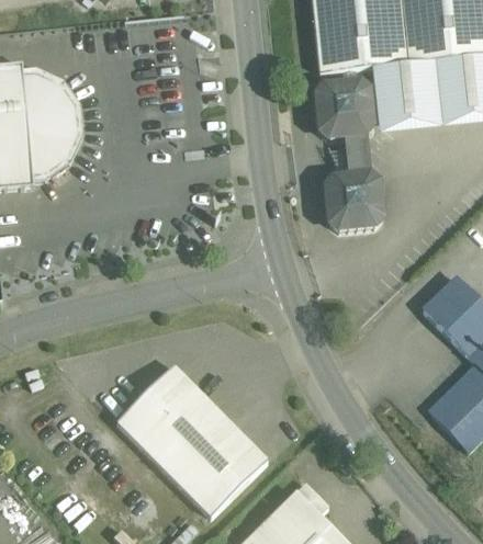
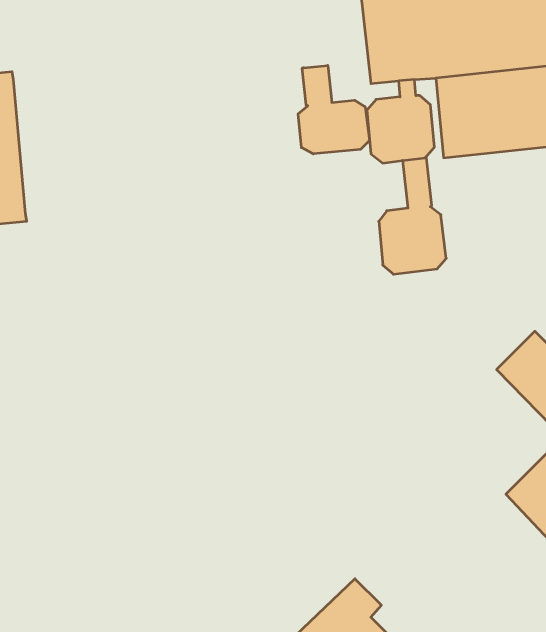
building: none -> [298,65,370,154]
building: [22,68,82,180] -> none
building: [115,365,267,518] -> none

